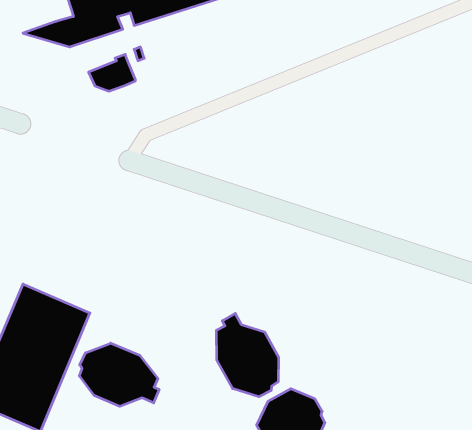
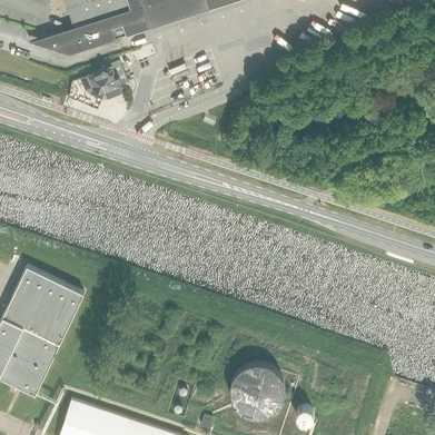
building: [216,313,278,397] -> none
building: [79,343,159,406] -> none

